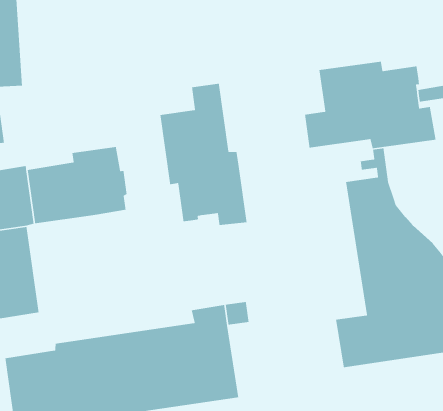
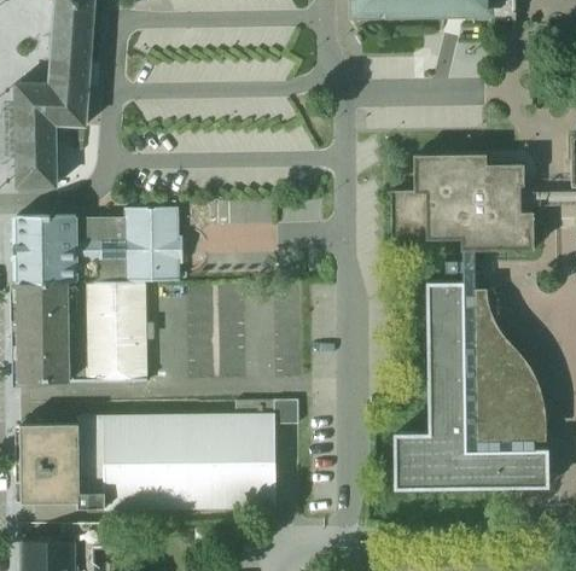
building: [159,83,247,226] -> none
building: none -> [68,281,146,380]

